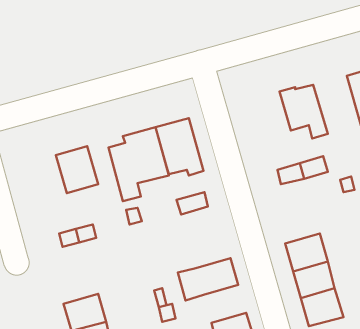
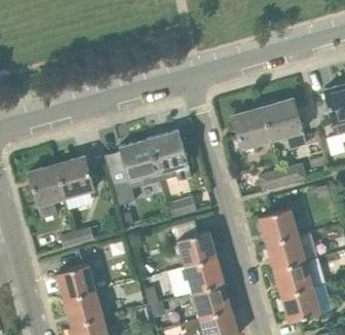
building: none -> [232,105,271,155]
building: none -> [27,163,66,219]
building: none -> [258,210,298,245]
building: none -> [177,231,216,267]
building: none -> [55,265,94,300]
building: none -> [191,283,230,318]

